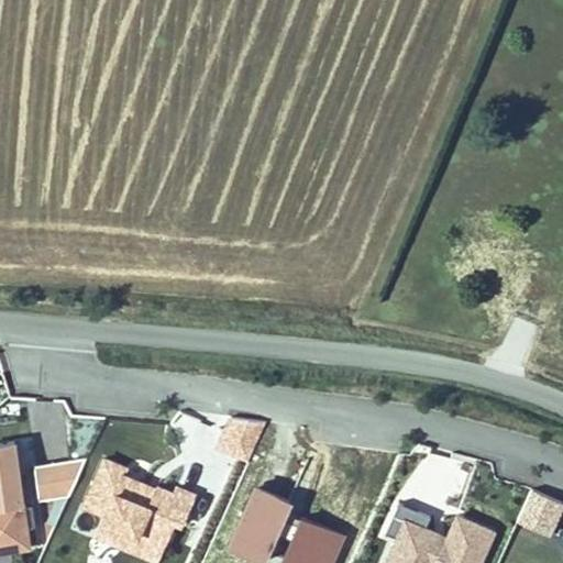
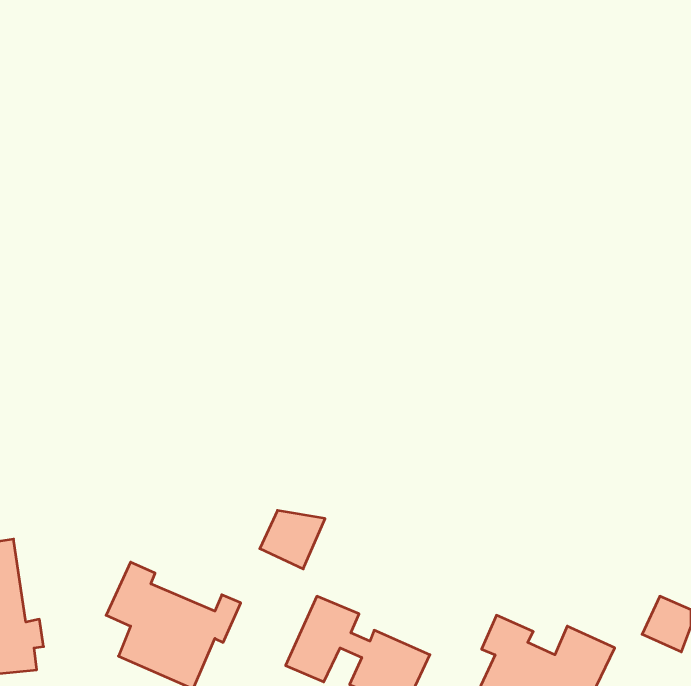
building: [34,461,88,500] -> none

